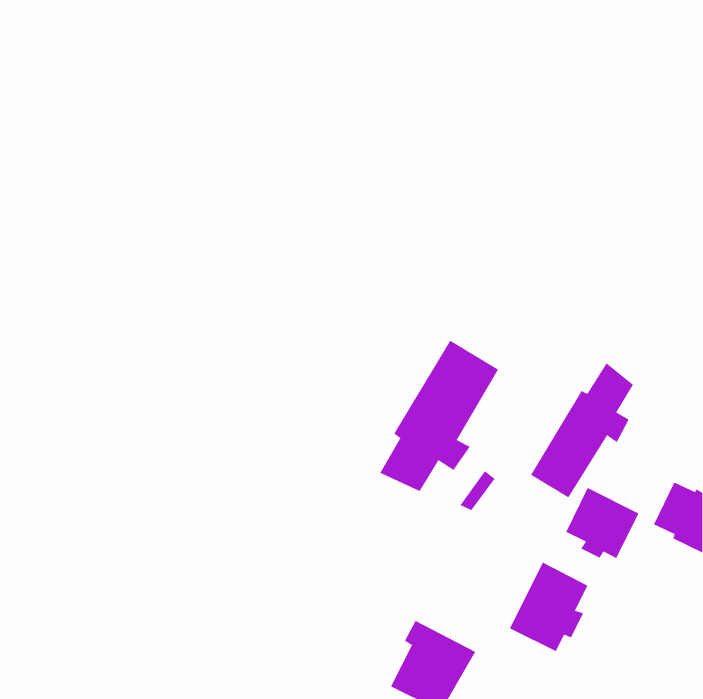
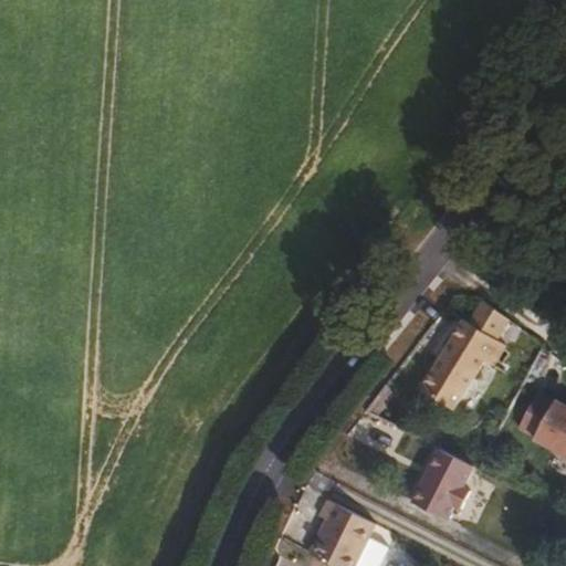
building: [380,340,499,492] -> none
building: [566,487,639,559] -> none

